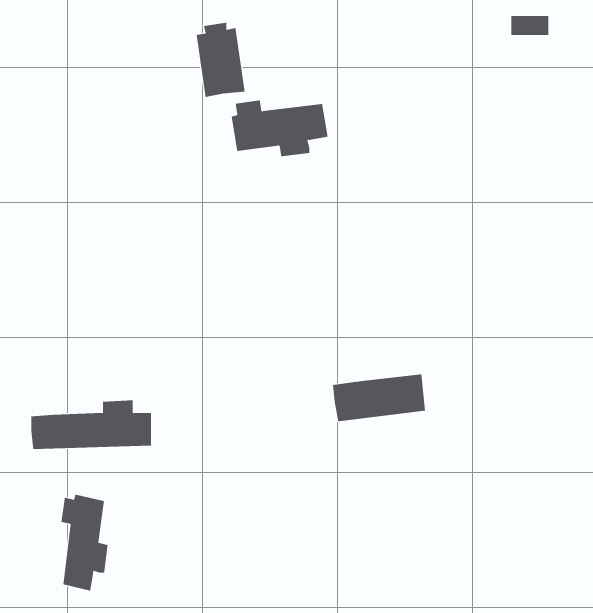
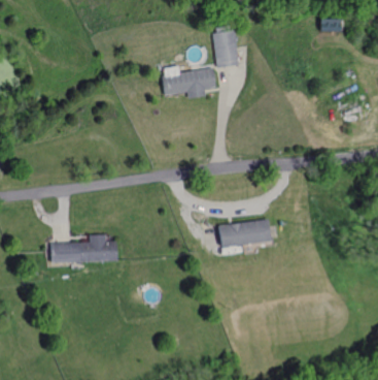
building: [196,22,245,98] -> [211,26,239,68]
building: [61,494,108,591] -> none

